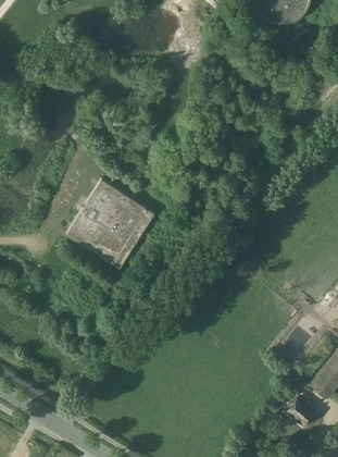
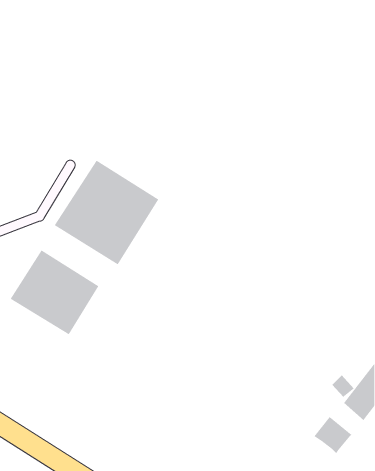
building: none -> [10,250,99,335]

